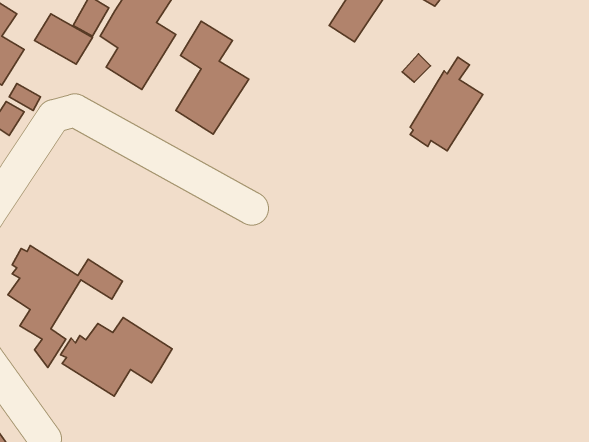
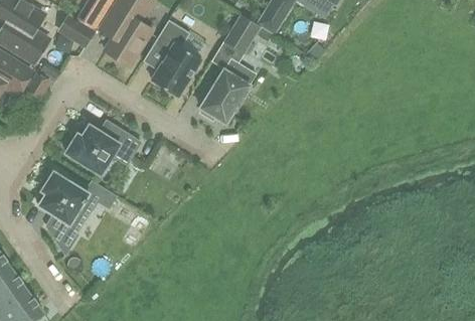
building: none -> [223,15,273,54]
building: [410,57,483,151] -> [200,60,250,124]
building: [61,318,172,396] -> [64,122,140,175]

